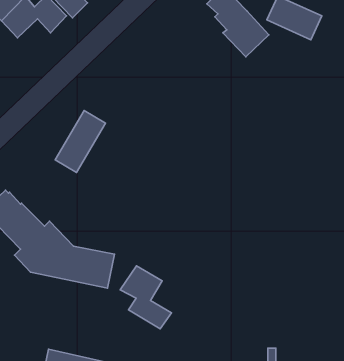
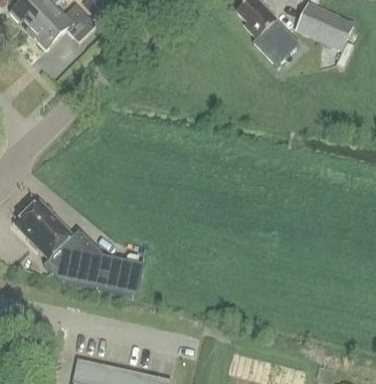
building: [55,111,106,172] -> none
building: [120,266,171,329] -> none

